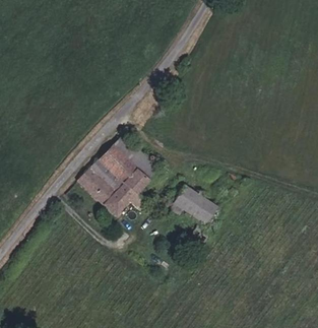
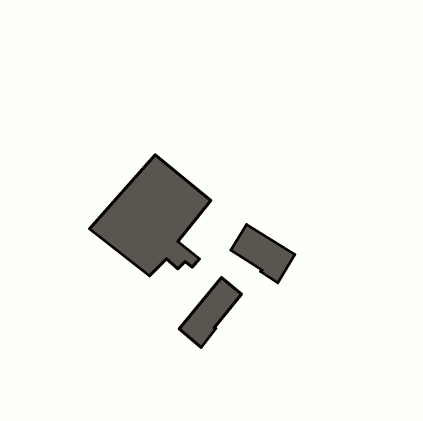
building: none -> [179,277,241,347]

